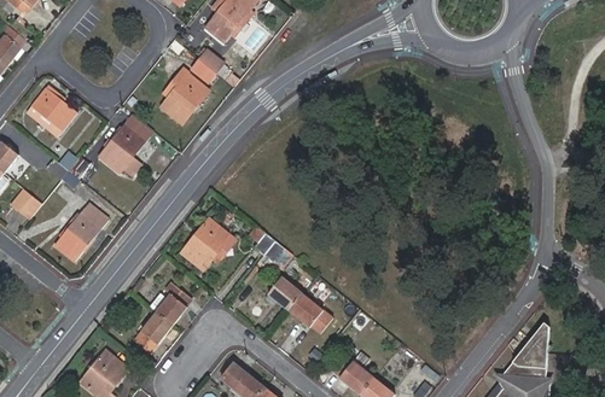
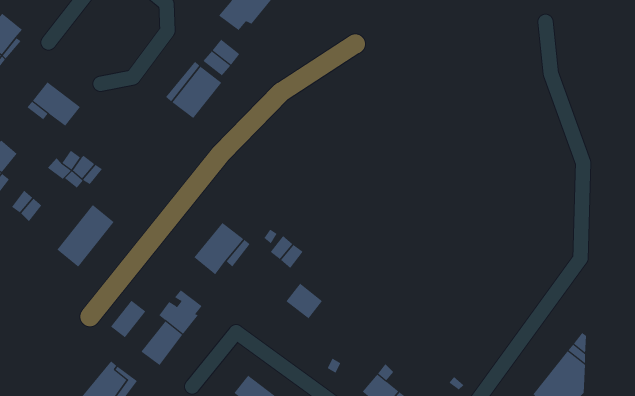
building: [99,124,146,174] -> none
building: none -> [110,300,146,338]
building: [290,293,324,327] -> none

